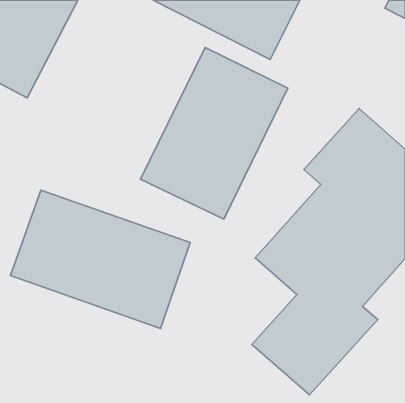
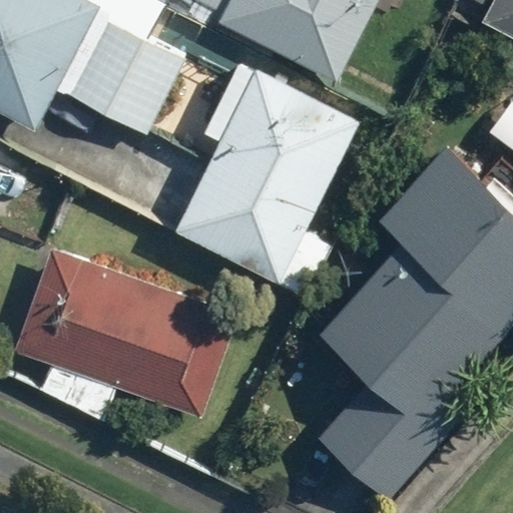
building: none -> [64,19,184,136]

